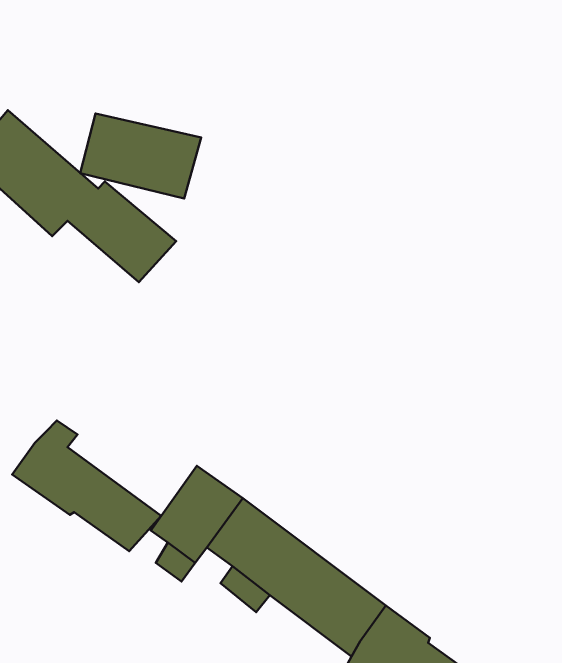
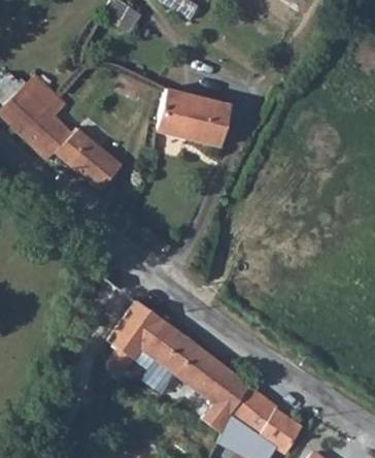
building: [80,114,201,199] -> [158,91,231,142]
building: [12,421,161,551] -> none

